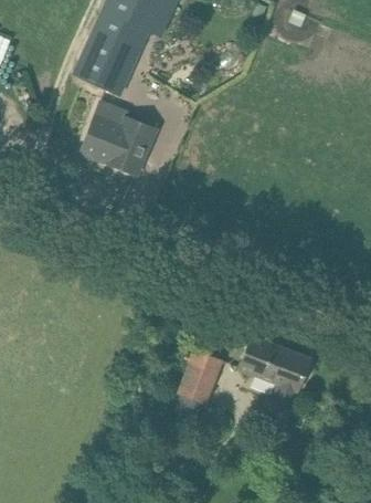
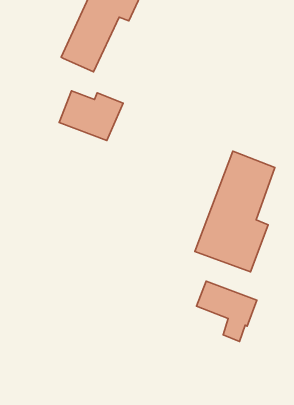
building: none -> [195,151,275,272]
building: [173,350,219,417] -> none

